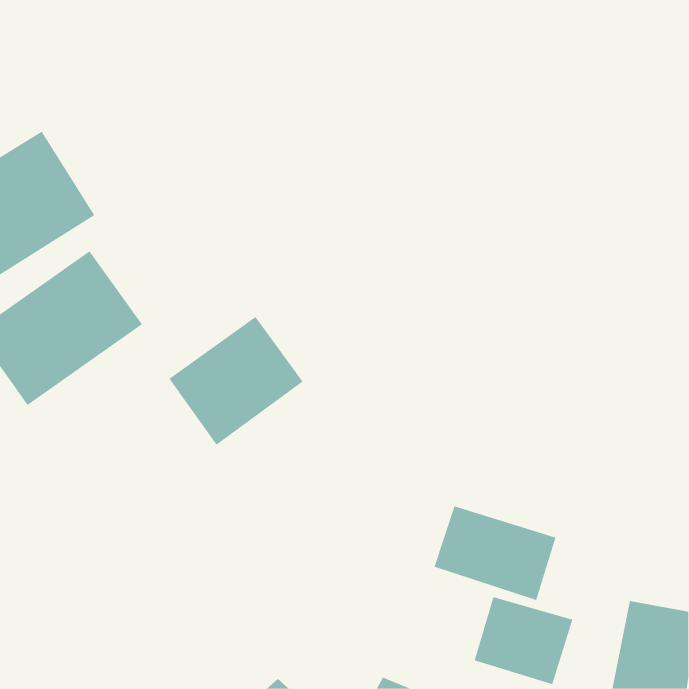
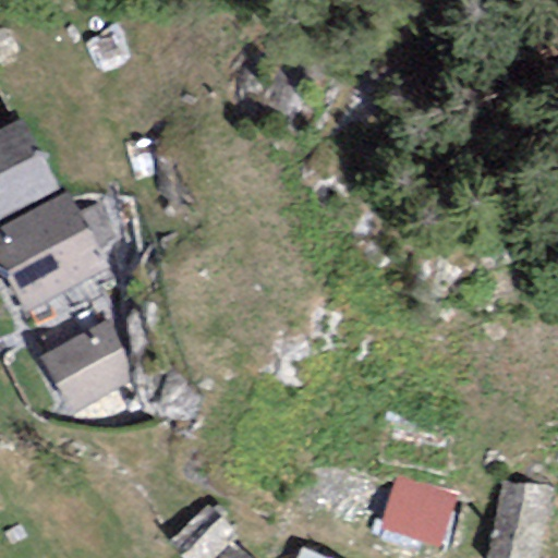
building: [169,316,303,445] -> [27,316,135,420]
building: [434,505,556,601] -> none

